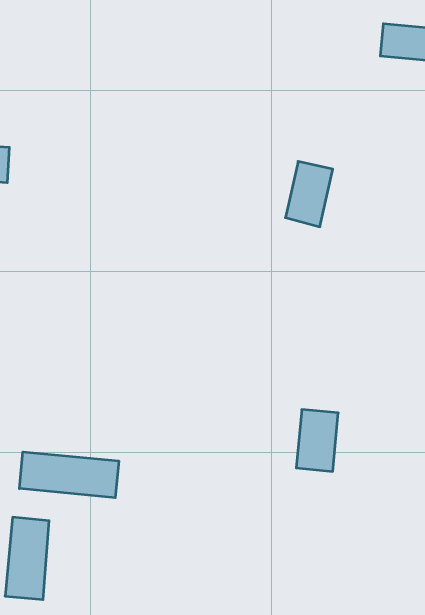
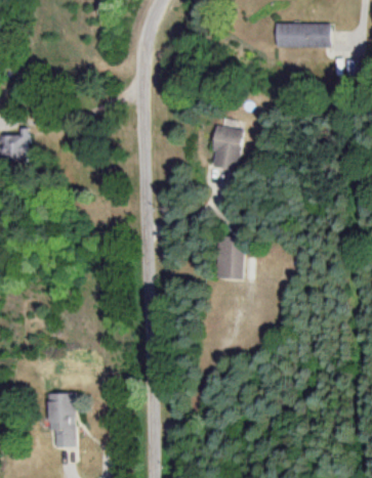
building: [296,410,338,471] -> [216,235,242,276]
building: [19,452,119,498] -> none

